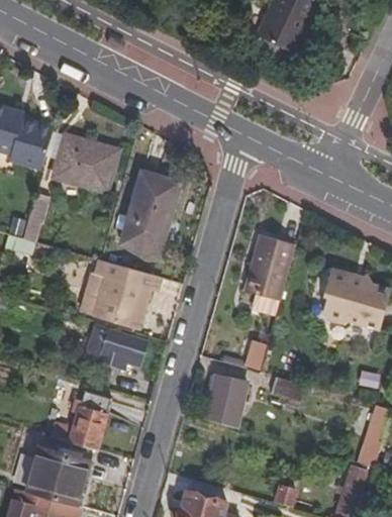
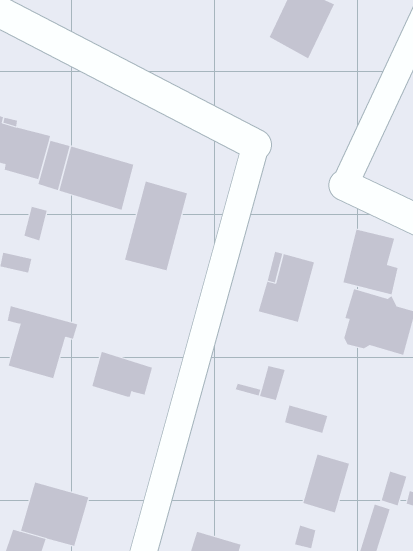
building: none -> [343,229,398,295]
building: [93,260,159,327] -> [7,305,78,379]
building: [204,373,248,427] -> [303,454,350,513]
building: [50,390,111,450] -> none

